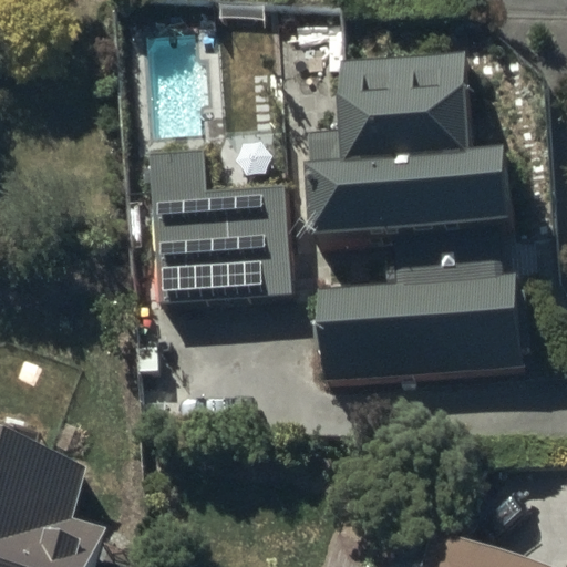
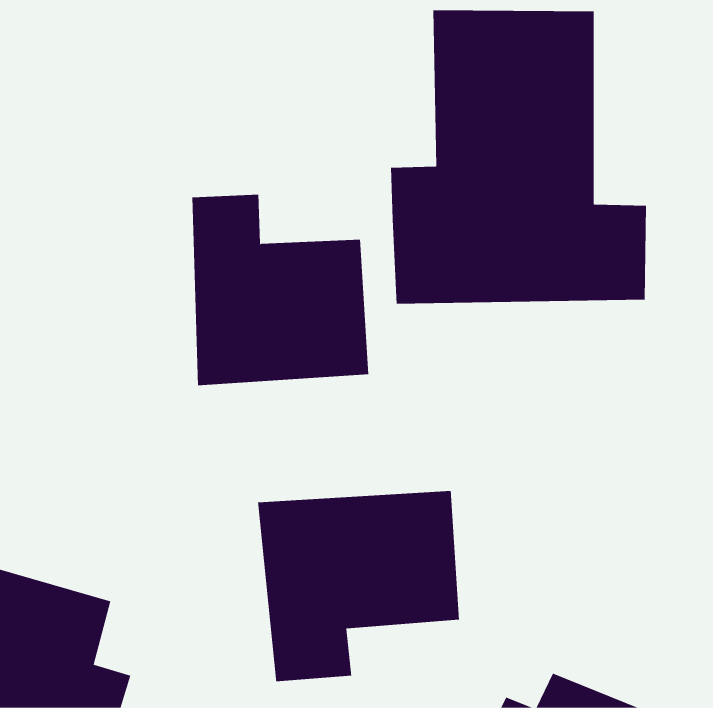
building: [320,257,517,379] -> none
building: none -> [258,490,459,682]

